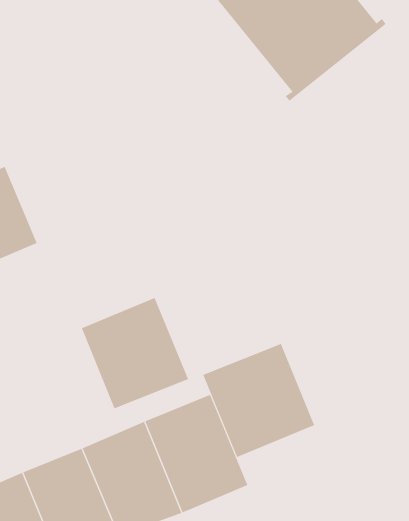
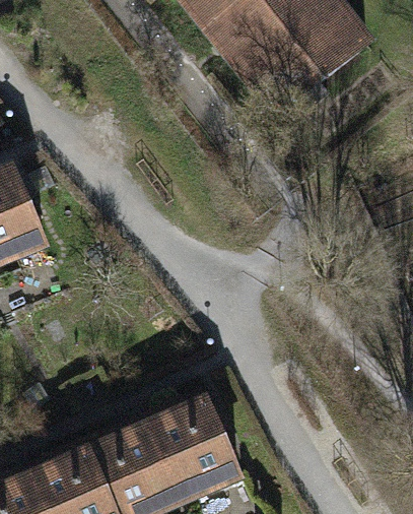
building: [81,297,189,409] -> none
building: [203,343,315,458] -> none

